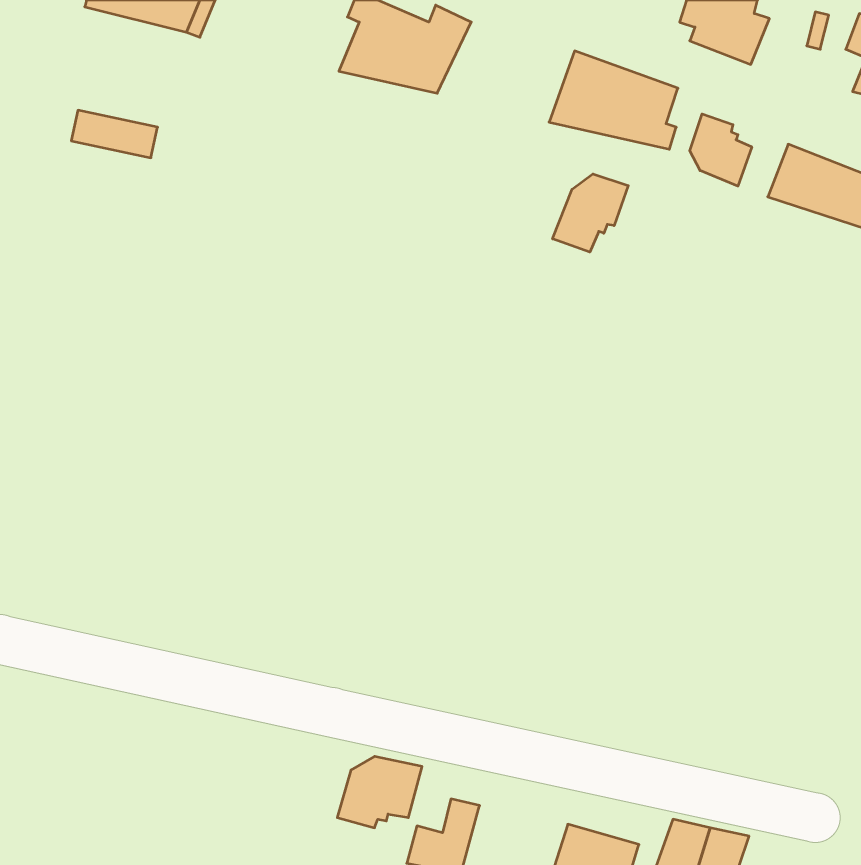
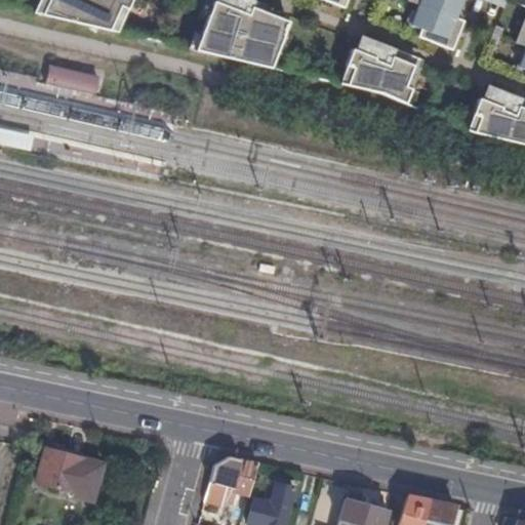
building: [690,114,752,186] -> none
building: [553,174,628,252] -> none
building: none -> [38,449,104,500]

